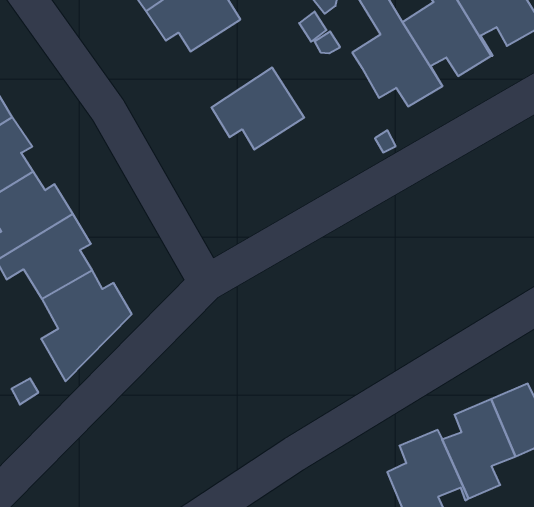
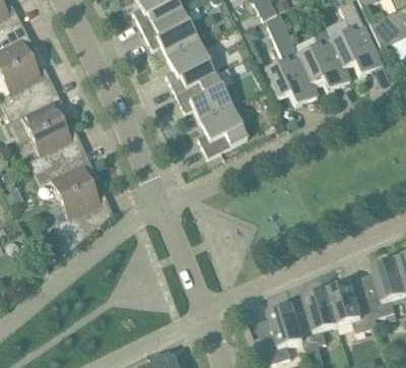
building: none -> [166,41,216,93]
building: none -> [199,105,249,157]

